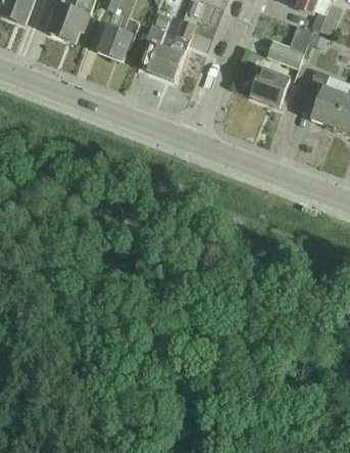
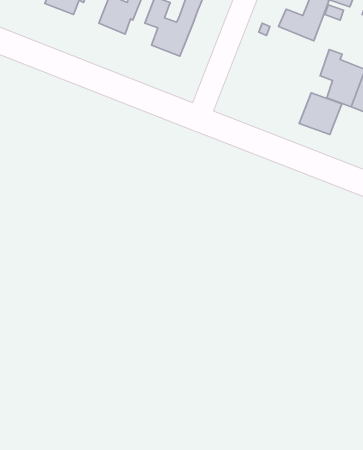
building: [250,67,290,106] -> [299,93,342,135]

